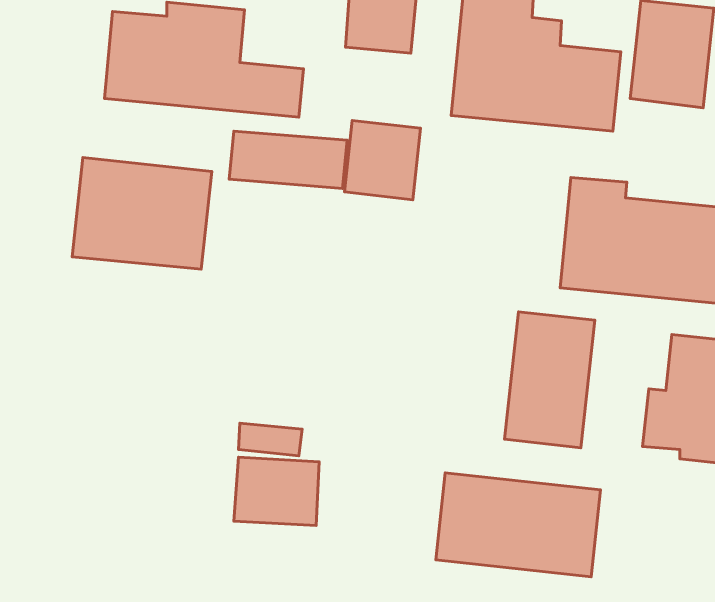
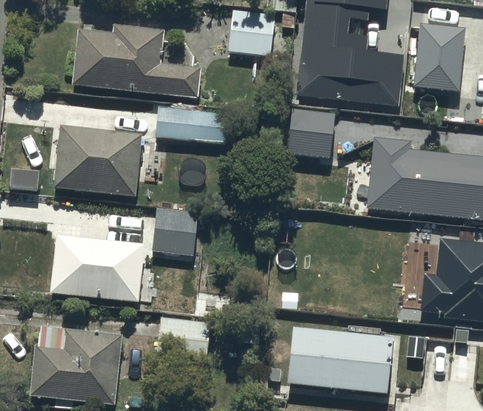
building: [344,120,421,200] -> [287,108,336,159]
building: none -> [152,209,198,256]
building: [504,312,595,448] -> none
building: none -> [51,236,145,301]
building: none -> [30,326,124,404]

